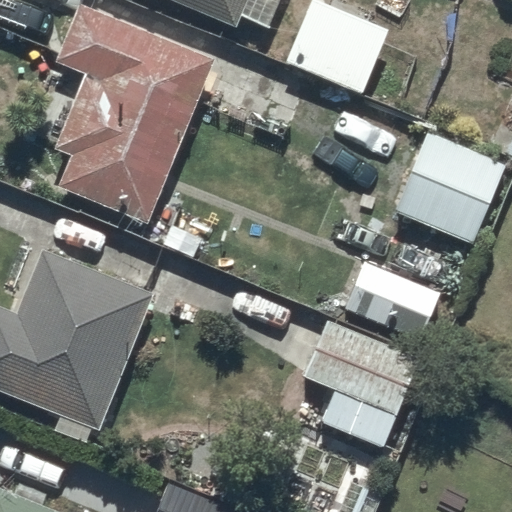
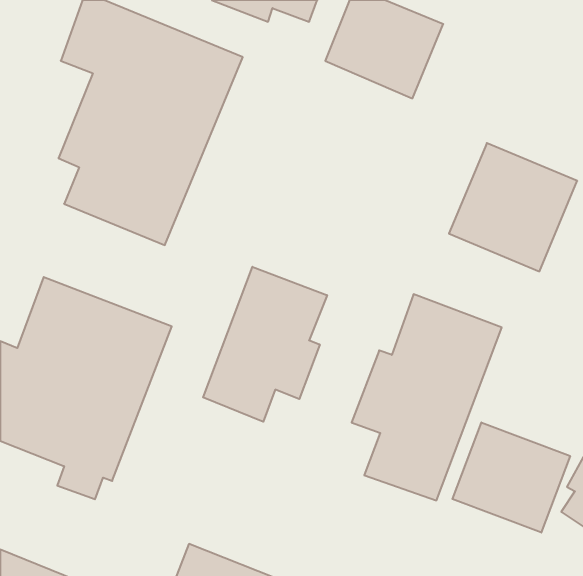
building: none -> [203,267,327,422]
building: none -> [452,422,570,533]

